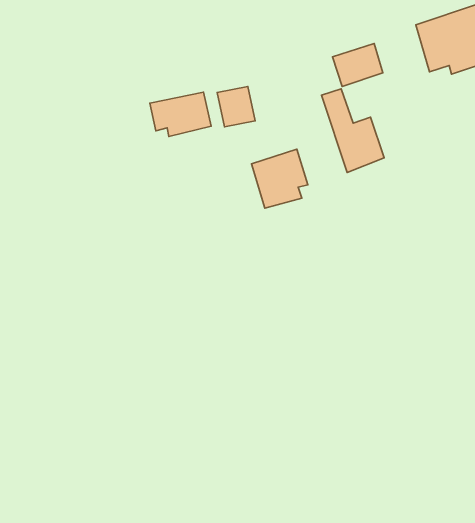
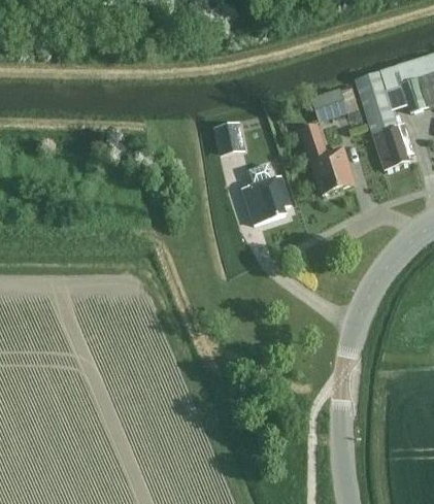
building: none -> [355,71,412,168]
building: [150,92,211,137] -> none

